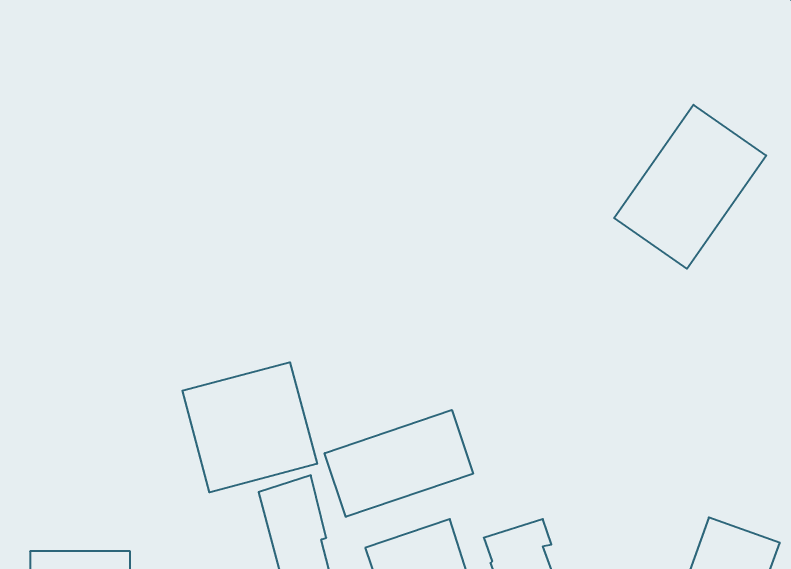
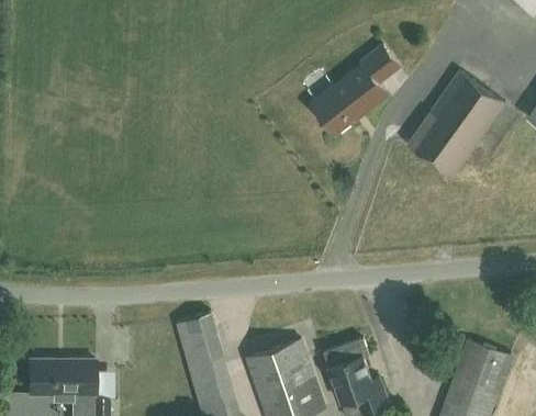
building: none -> [312,46,401,135]
building: [182,362,317,492] -> none
building: [325,410,473,517] -> none

